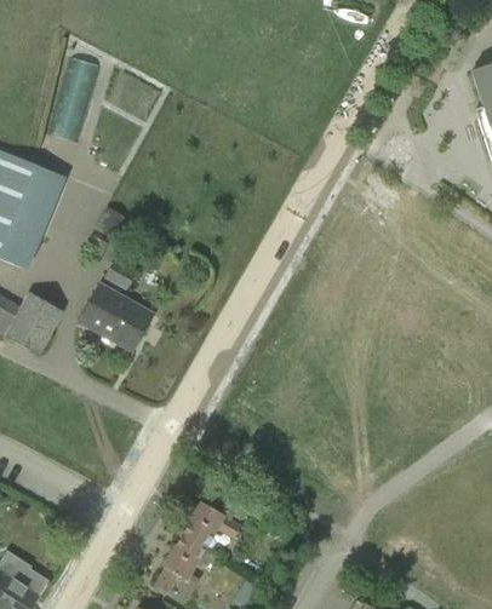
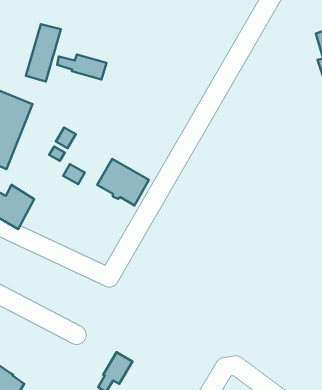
building: none -> [57,54,106,80]
building: [78,283,153,351] -> [97,159,149,206]
building: [182,501,240,547] -> none

